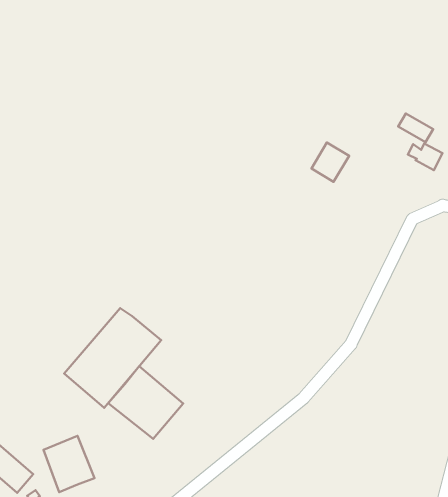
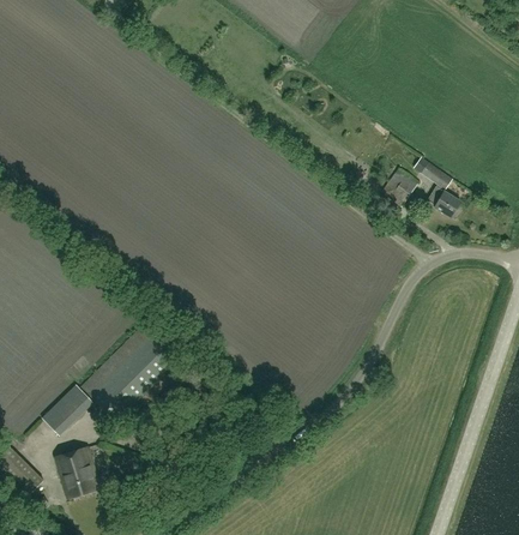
building: [311,143,349,182] -> [381,167,418,205]
building: [108,366,183,439] -> none
building: none -> [44,402,83,431]

